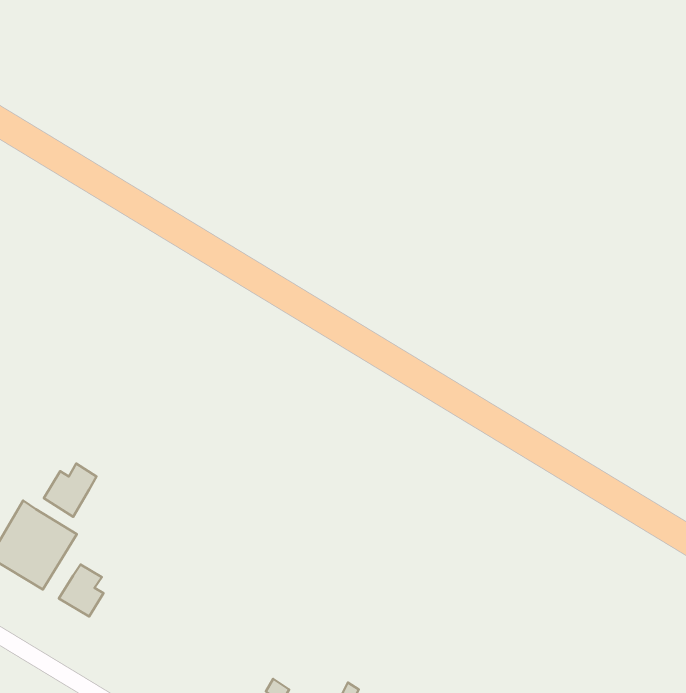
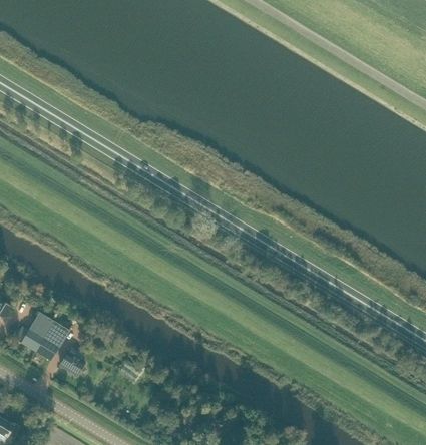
building: [44,463,97,517] -> none

